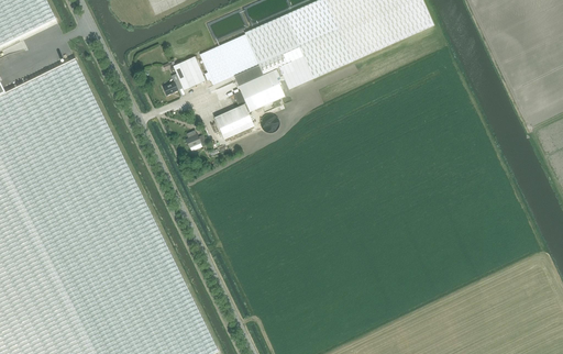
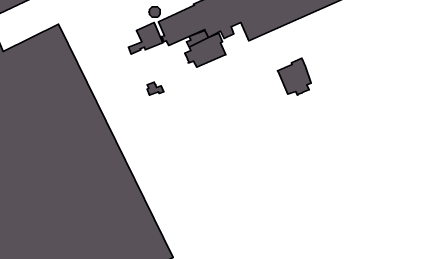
building: none -> [277,58,311,95]
building: [213,104,253,140] -> none

